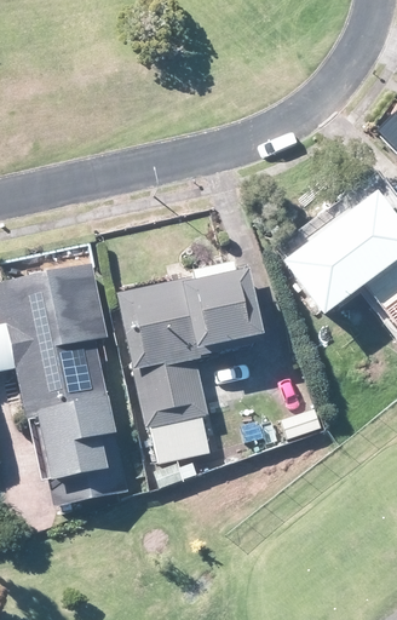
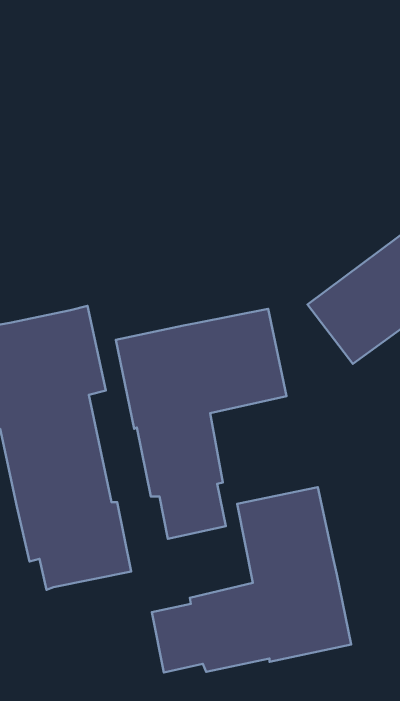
building: none -> [152,487,351,672]

